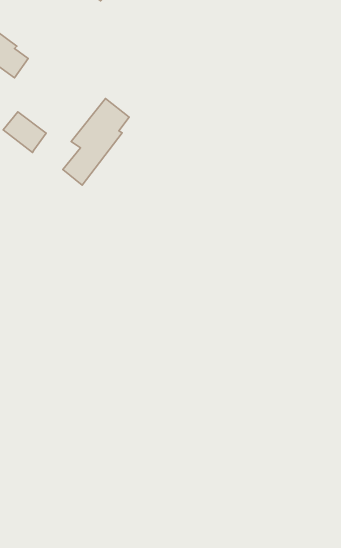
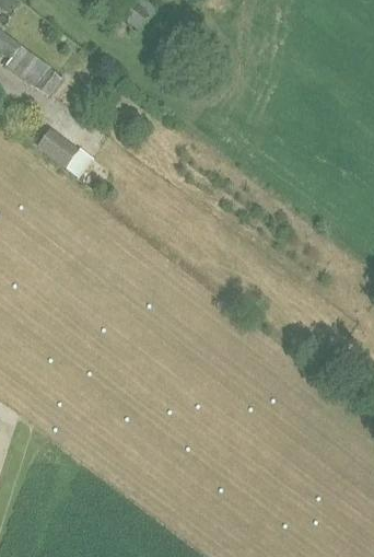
building: [63,98,129,185] -> none

